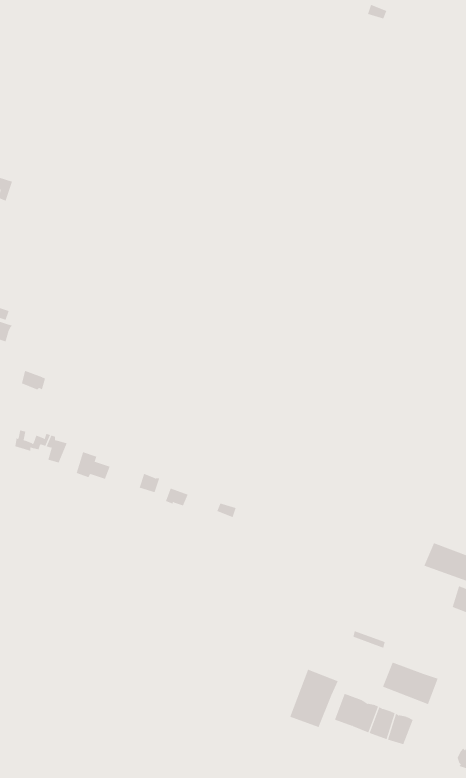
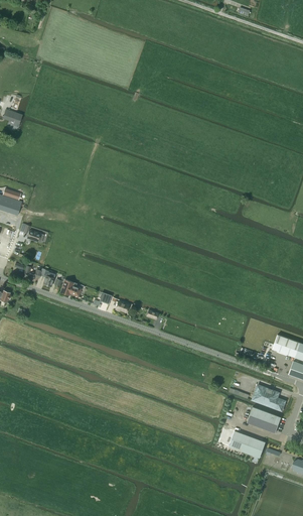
building: none -> [252,385,285,411]
building: [290,669,339,728] -> none

